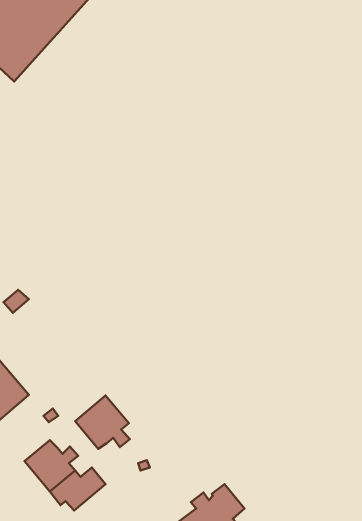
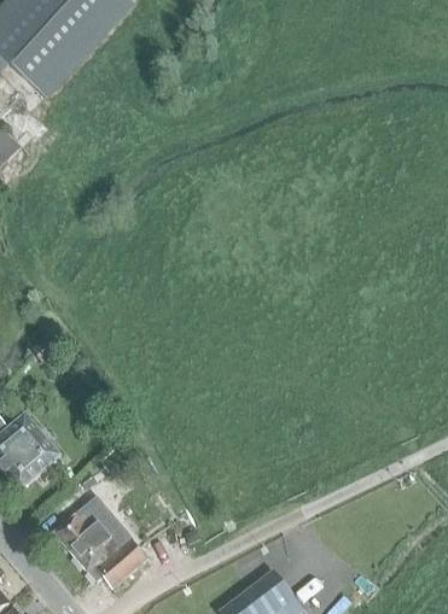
building: [75,395,130,449] -> none

